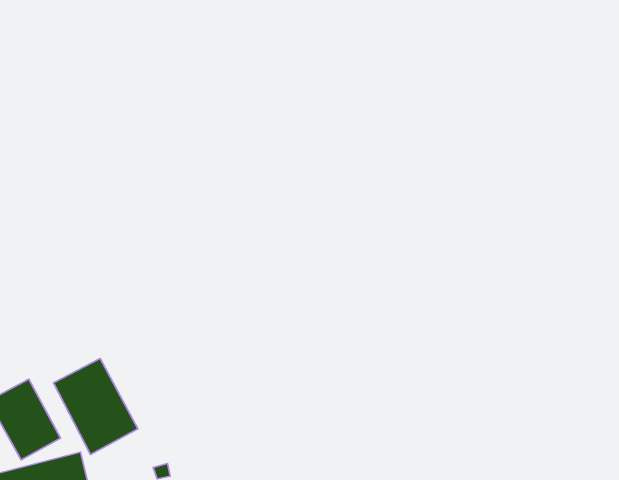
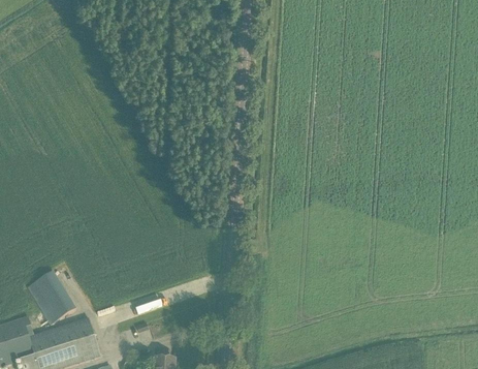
building: [54,359,138,455] -> none

